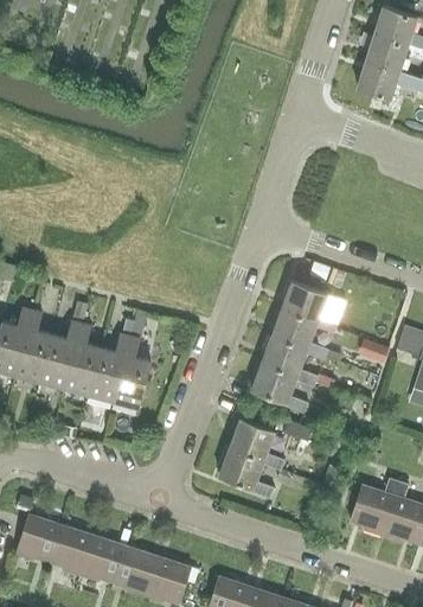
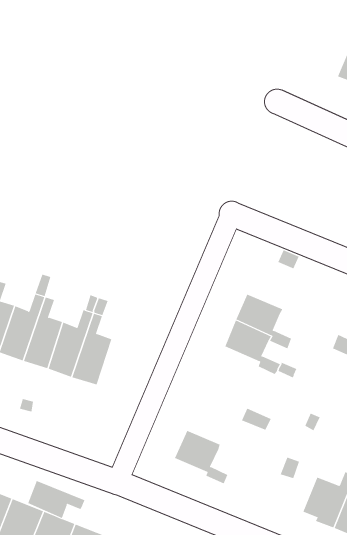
building: [281,281,338,333] -> none
building: [251,362,308,414] -> none
building: [230,417,284,471] -> none
building: none -> [27,480,85,519]

